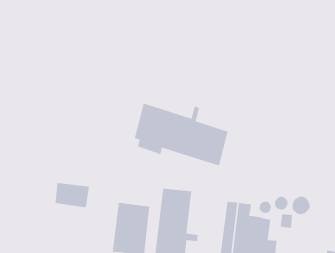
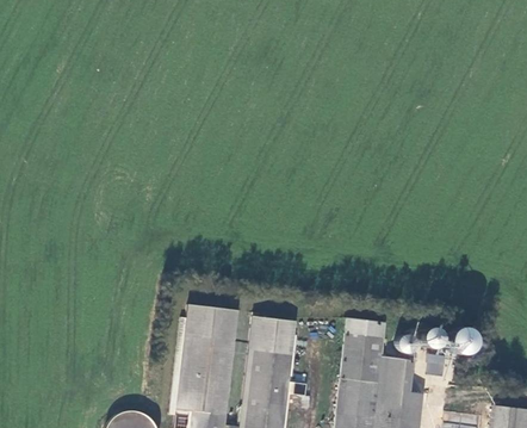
building: [134,102,228,167] -> none
building: [54,182,90,208] -> [186,304,238,342]
building: none -> [345,318,385,339]

